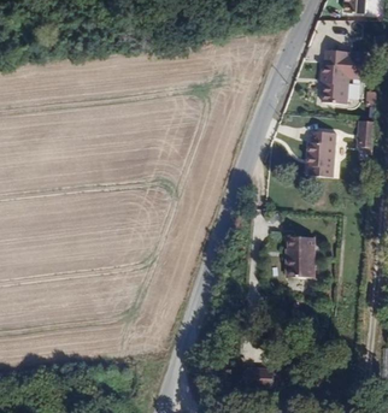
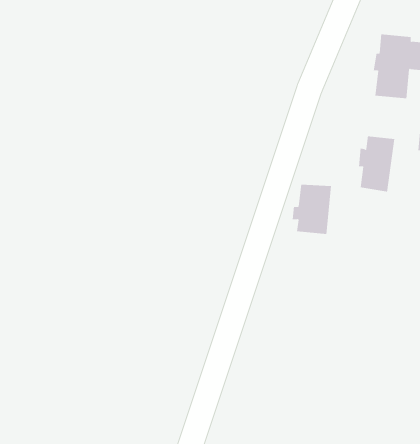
building: [284,237,317,278] -> [292,184,332,234]

